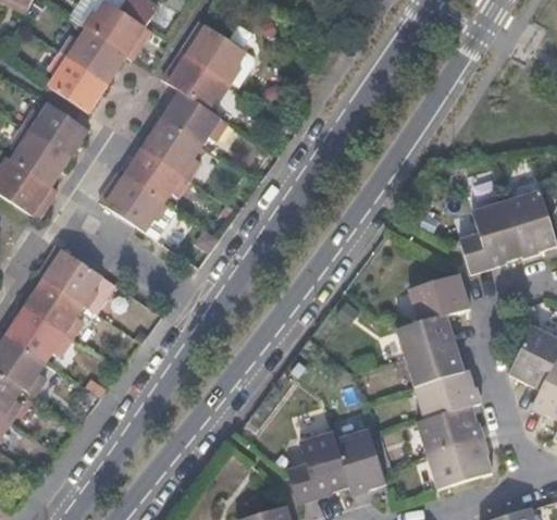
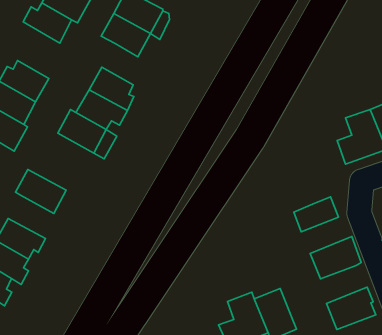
building: [50,54,107,114] -> none
building: [159,91,224,147] -> none
building: [410,270,469,319] -> none
building: [23,280,83,338] -> none
building: [403,338,461,383] -> none
building: [418,403,480,449] -> none

